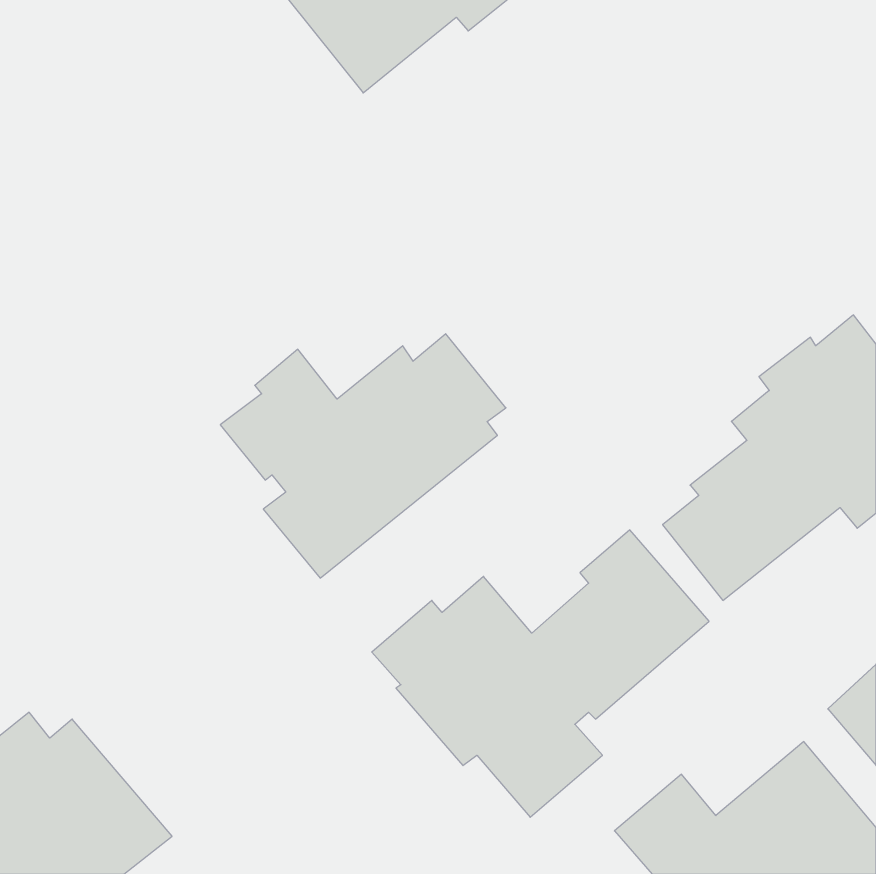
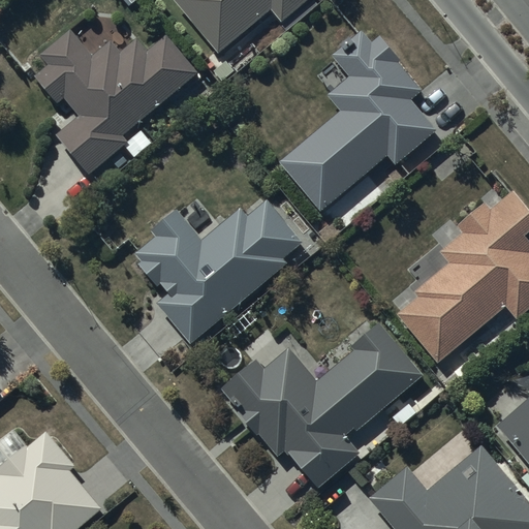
building: none -> [278,29,433,214]
building: none -> [34,30,198,172]

